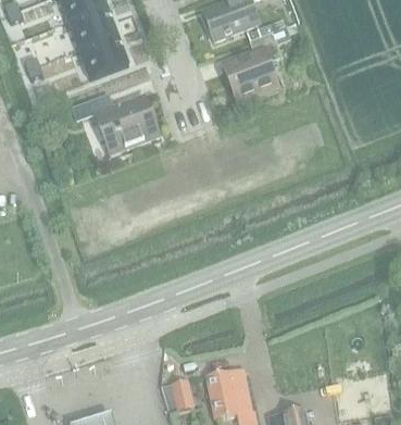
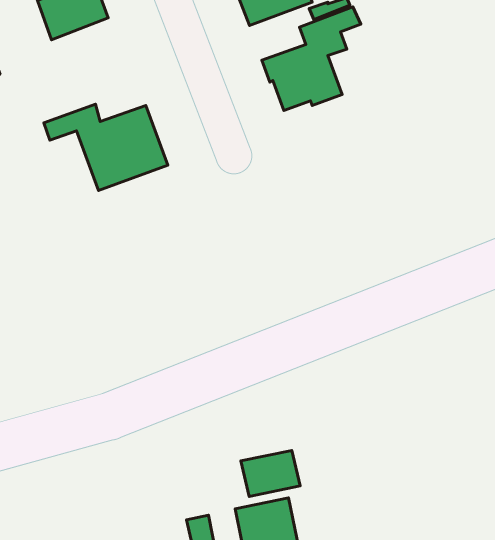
building: [77,34,127,77] -> none
building: none -> [241,450,300,496]

